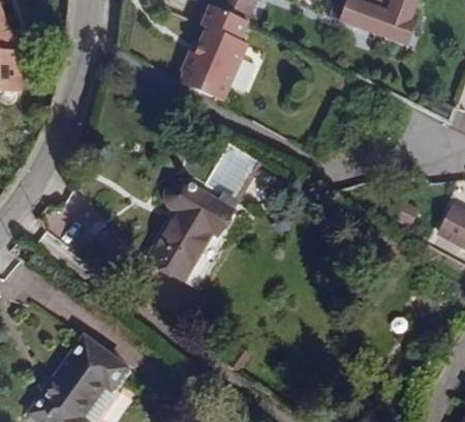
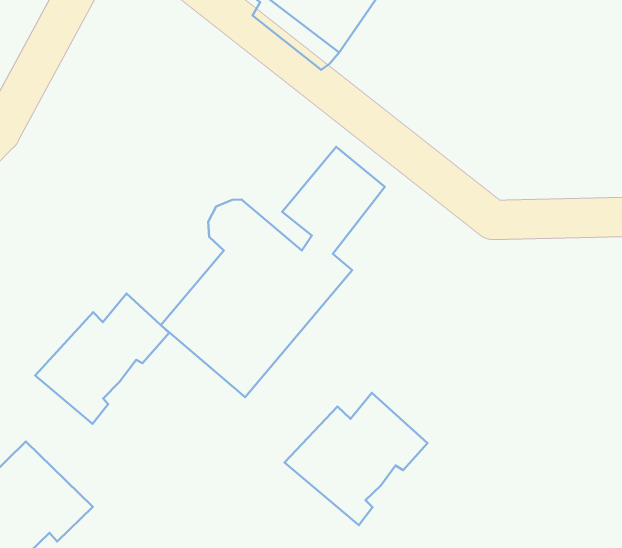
building: none -> [35,293,169,424]
building: none -> [284,393,428,525]

